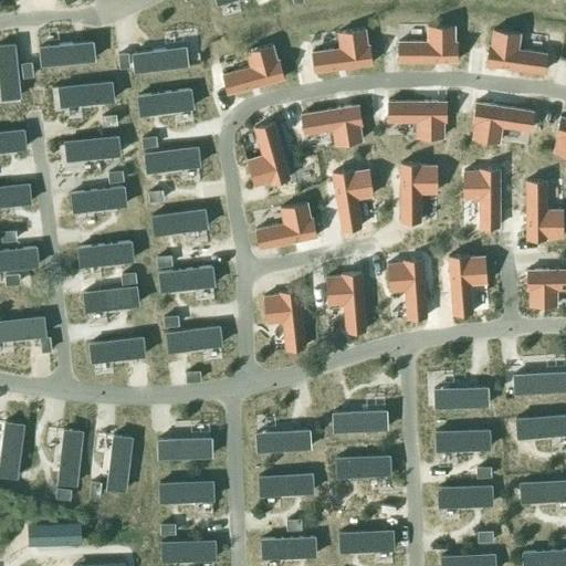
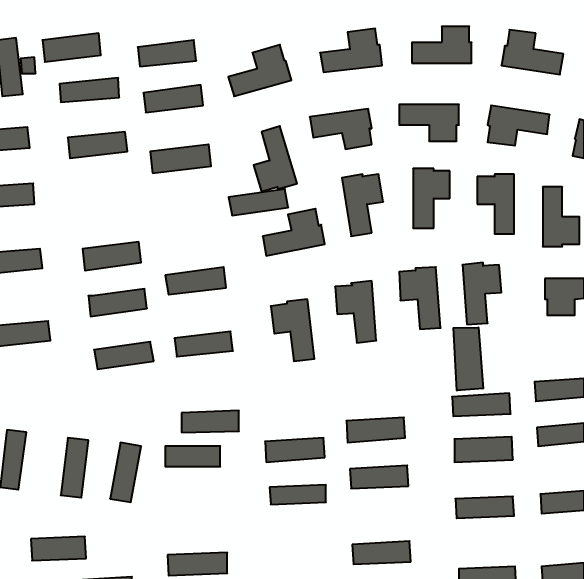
building: [74,187,128,212] -> none
building: [153,209,210,234] -> [229,189,288,215]
building: none -> [453,327,483,391]
building: [160,481,216,502] -> [182,411,239,432]
building: [262,535,318,559] -> none

